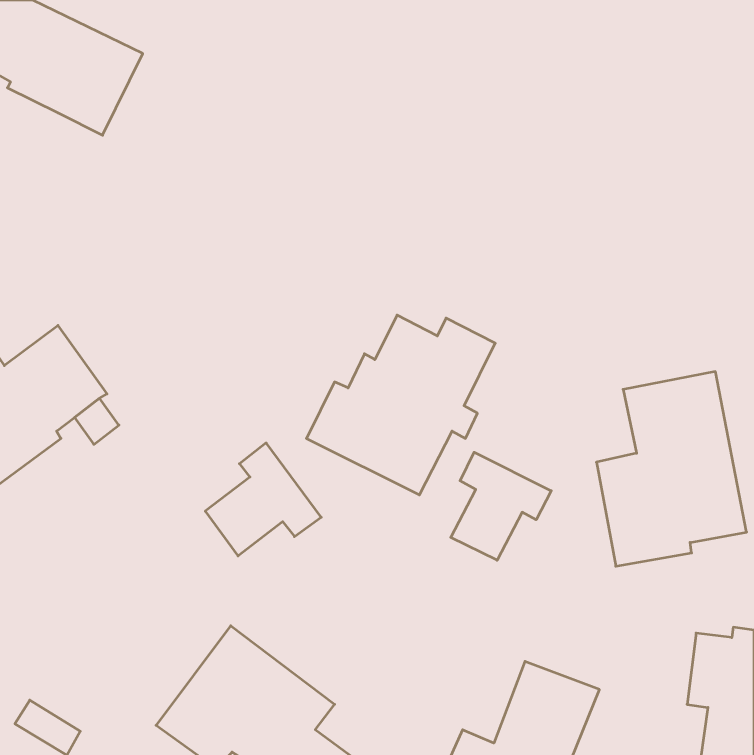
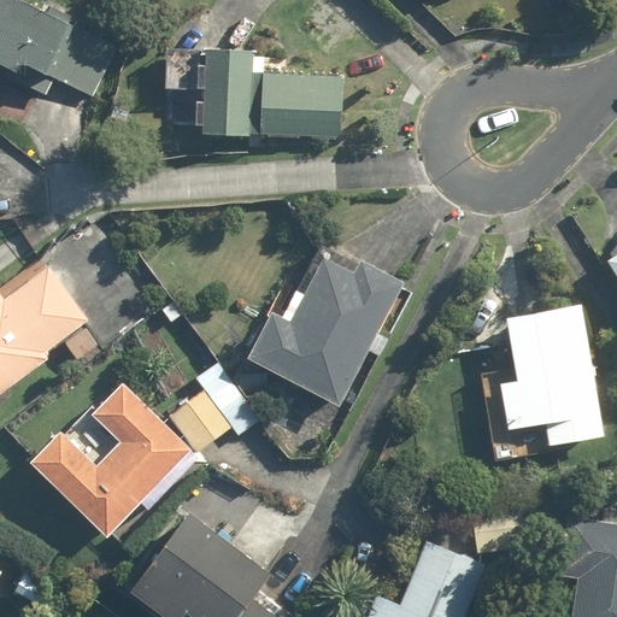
building: none -> [165,51,342,137]
building: [451,452,551,560] -> none
building: none -> [34,387,195,534]

